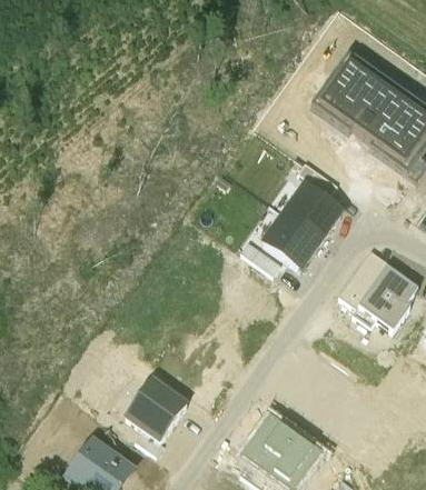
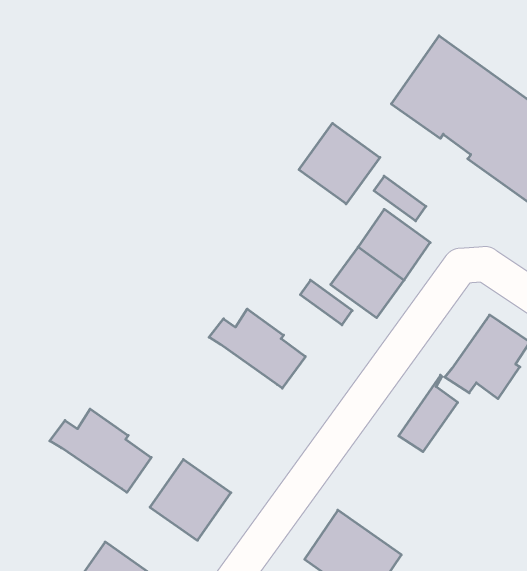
building: none -> [299,123,380,204]
building: [338,249,384,308] -> [399,375,458,452]
building: none -> [209,309,305,388]
building: none -> [50,409,151,492]

